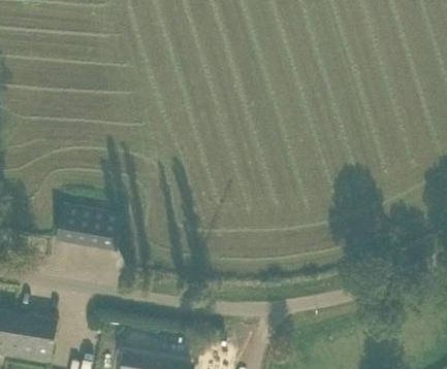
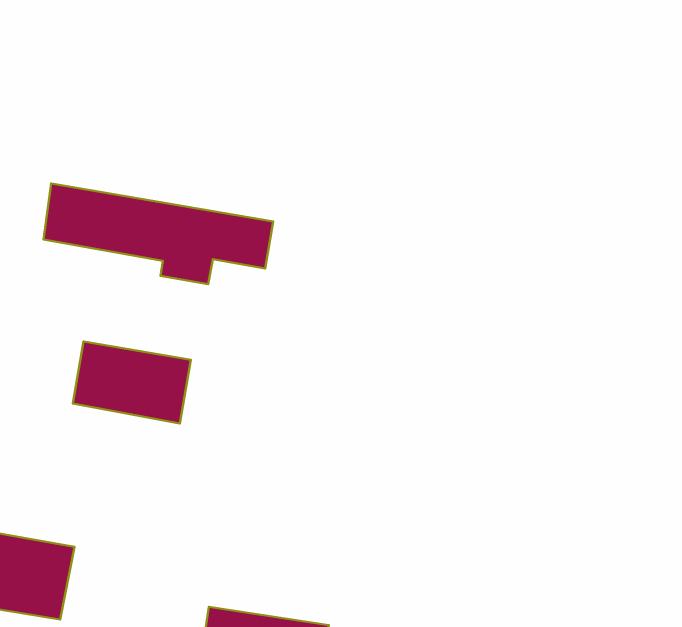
building: none -> [44,184,273,284]

